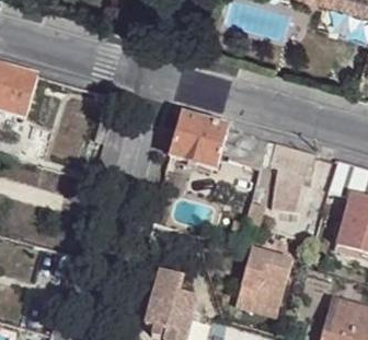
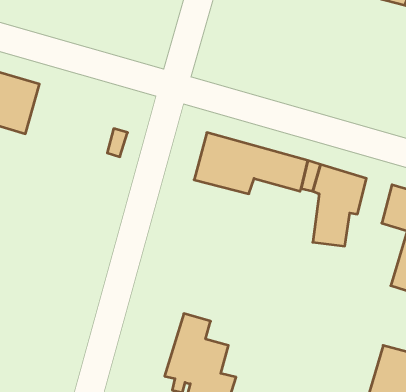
building: [235,250,292,323] -> none

